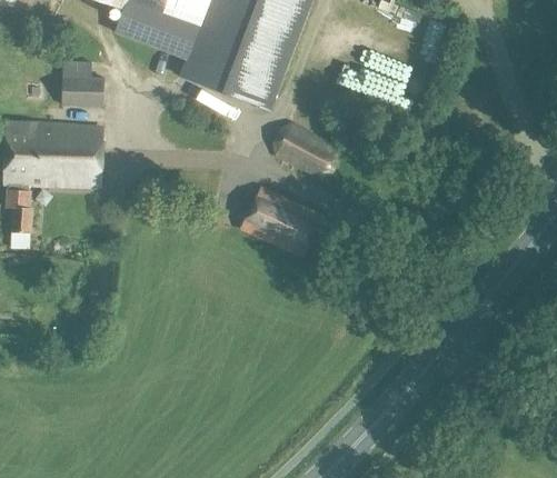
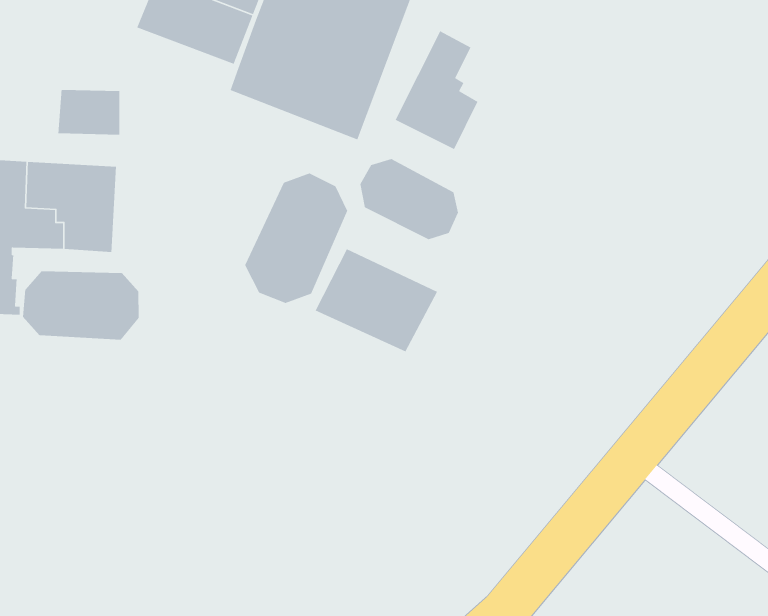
building: none -> [395,30,478,150]
building: none -> [244,172,348,304]
building: none -> [22,271,139,340]

